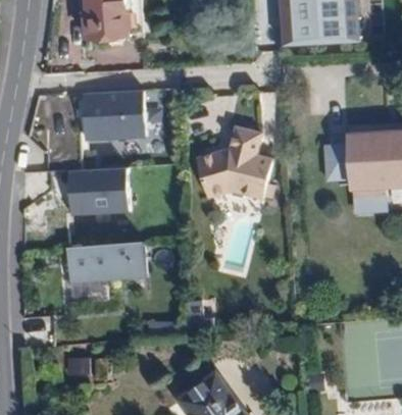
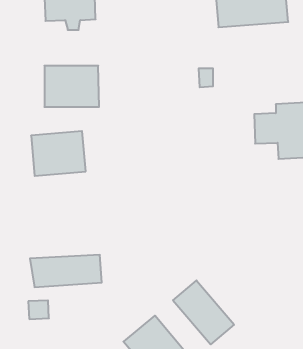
building: [197,125,273,198] -> none
building: [66,246,148,282] -> [30,255,102,287]
building: none -> [173,280,234,344]

